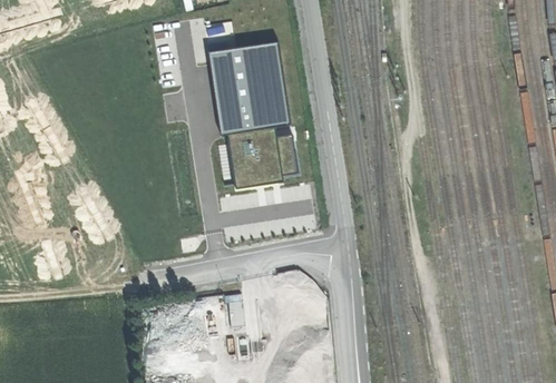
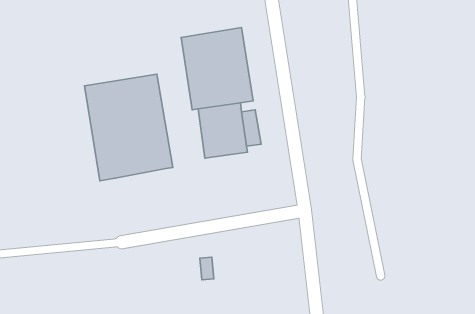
building: none -> [84,74,173,181]

